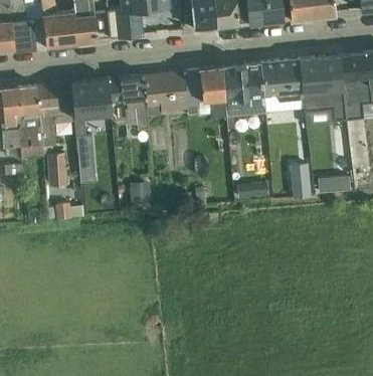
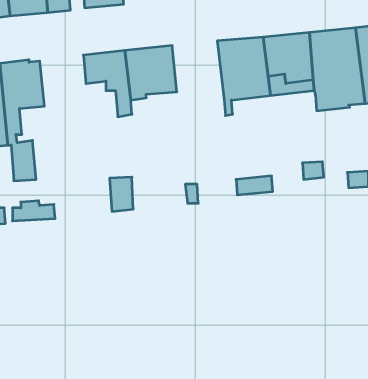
building: [183,67,227,121] -> none
building: [70,79,111,183] -> none

